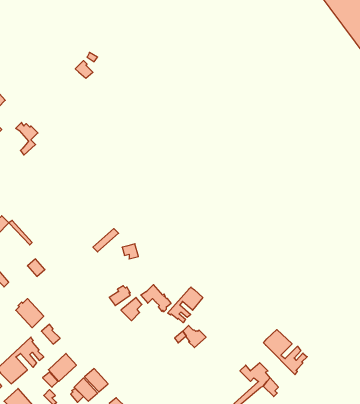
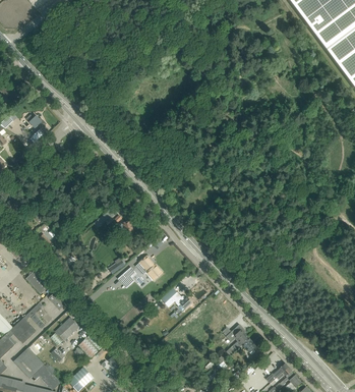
building: [168,287,203,323] -> none
building: [264,330,307,375] -> none

